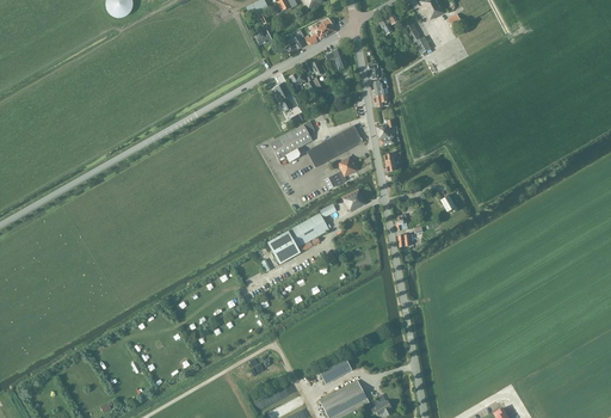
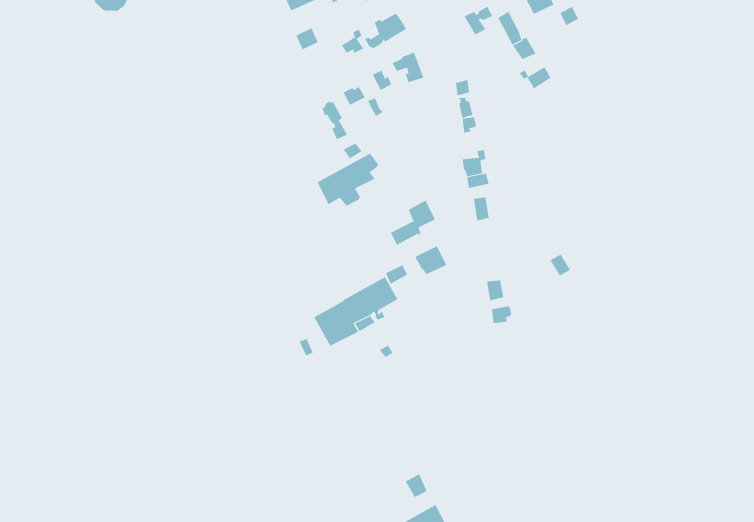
building: [307,124,363,166] -> none

